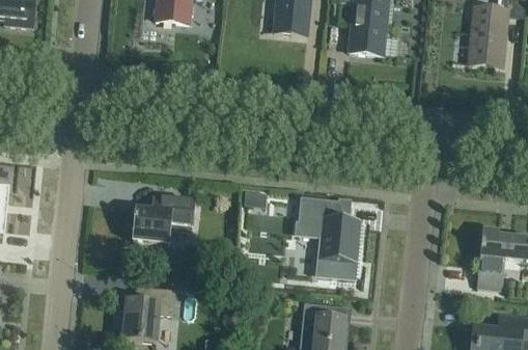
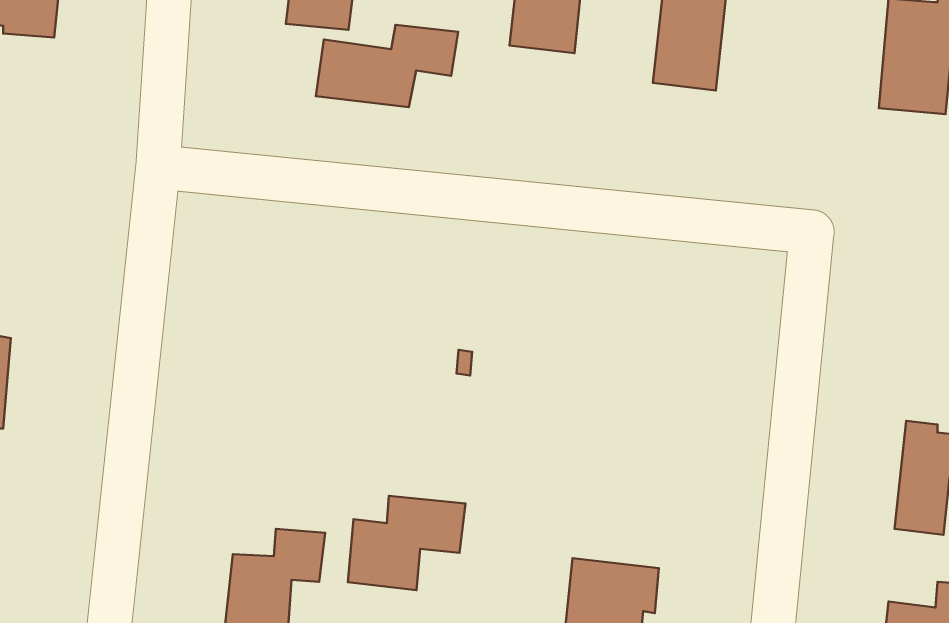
building: none -> [316,25,458,107]
building: [132,194,194,244] -> [348,496,465,590]
building: [297,197,361,279] -> none

